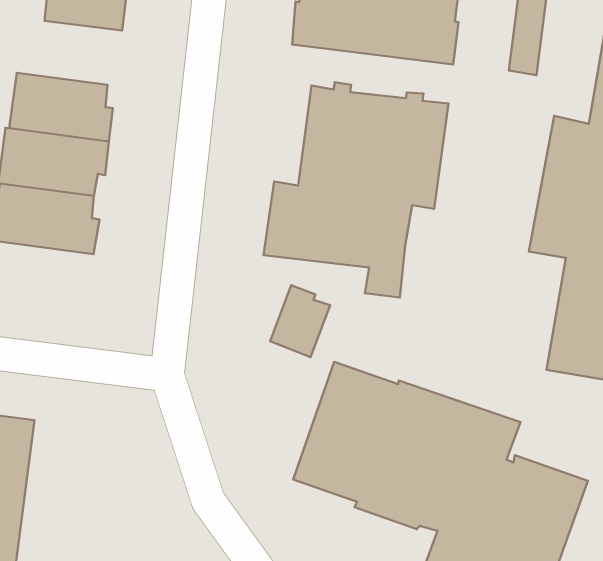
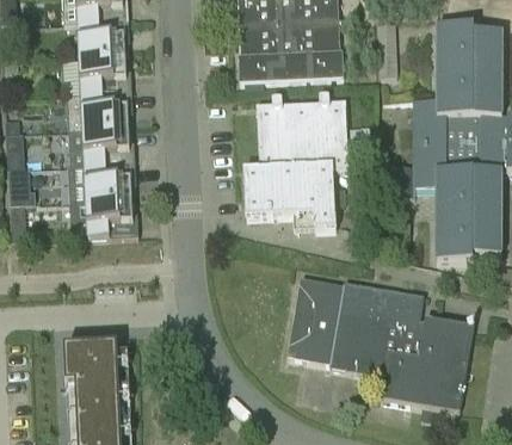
building: none -> [67,89,131,128]
building: [270,285,330,357] -> none

